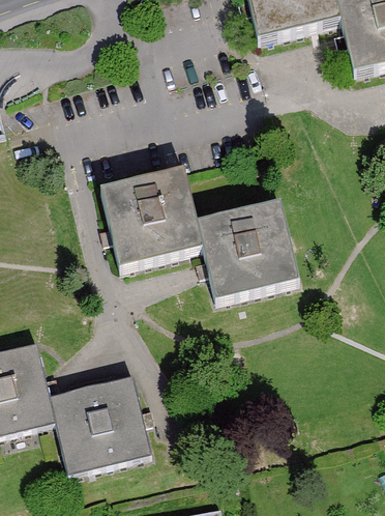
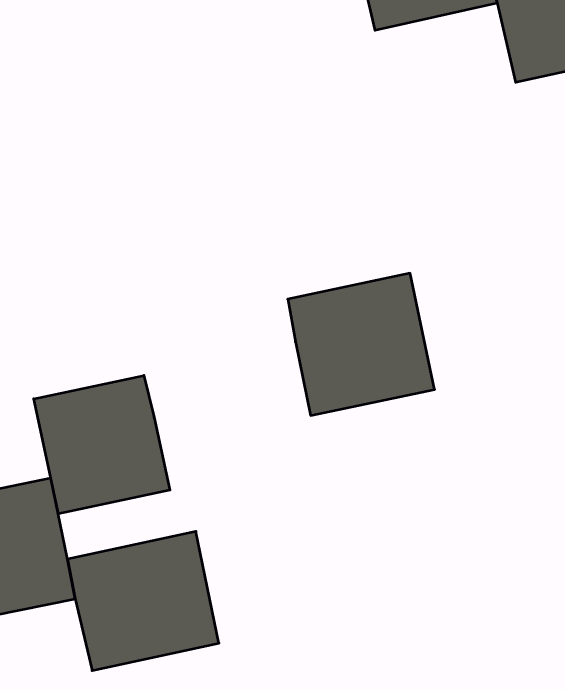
building: [107,172,202,264] -> none
building: none -> [34,375,170,514]

